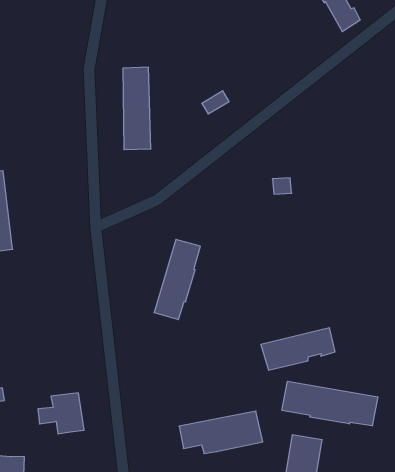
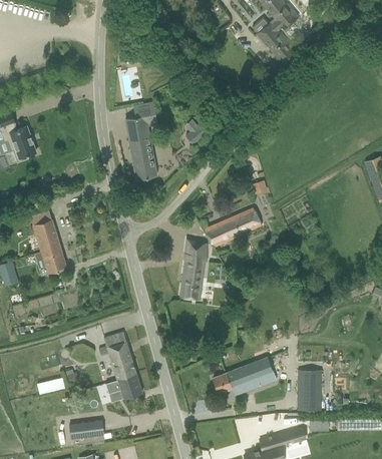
building: [261,328,335,370] -> [204,207,260,247]
building: none -> [103,331,133,372]
building: [282,381,378,426] -> none

